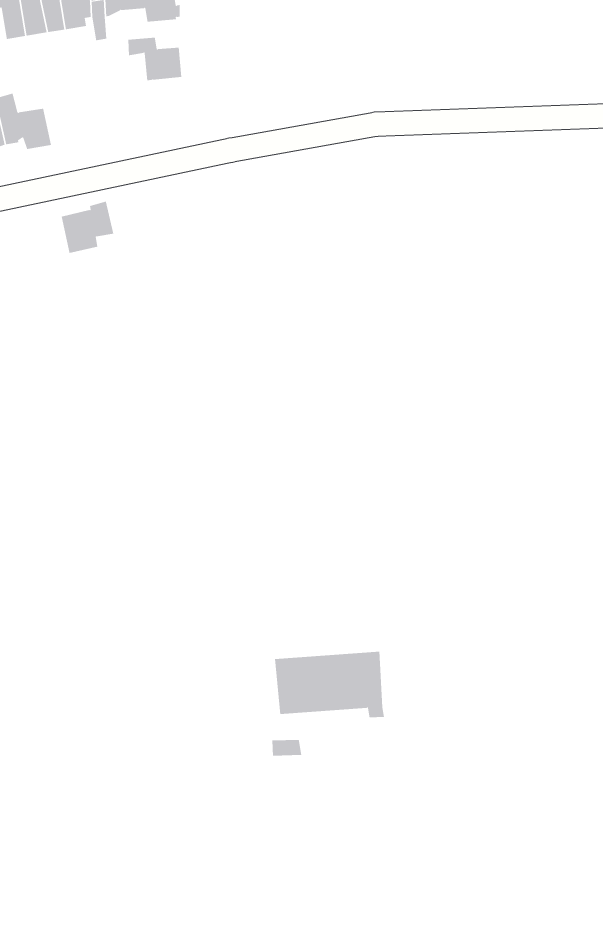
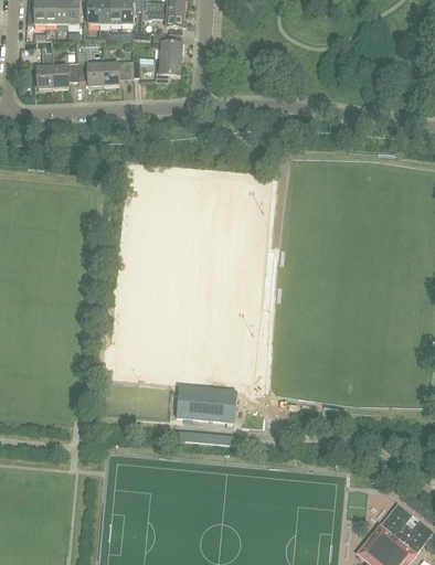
building: none -> [155,57,180,82]
building: [61,201,114,254] -> [102,58,129,84]

